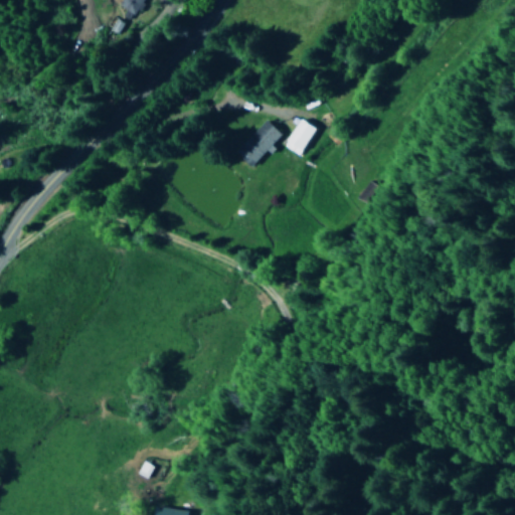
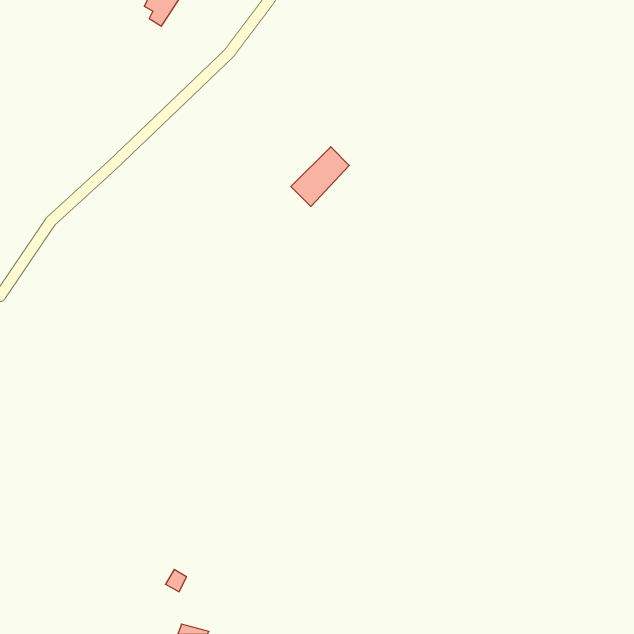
building: [286,118,319,156] -> none

